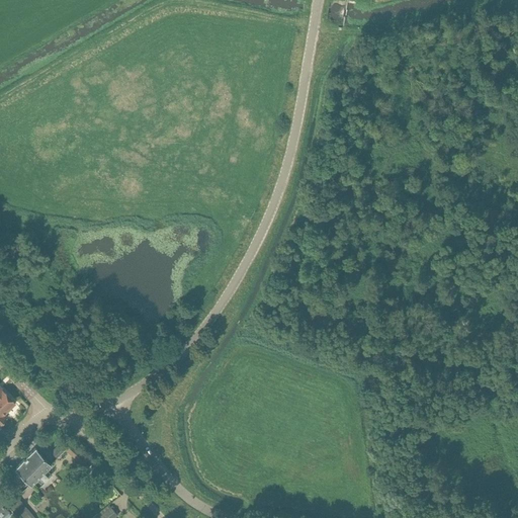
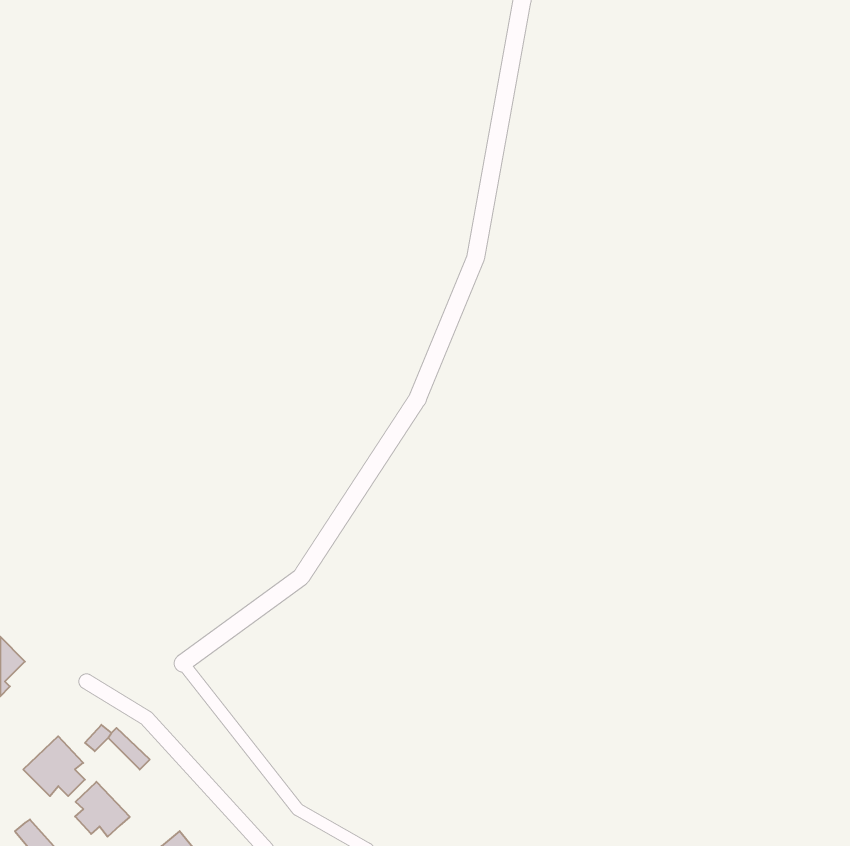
building: none -> [75,782,130,837]

